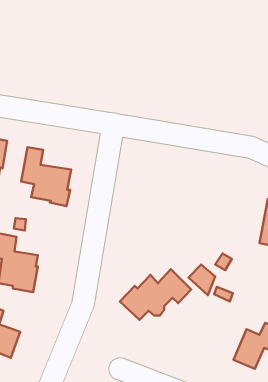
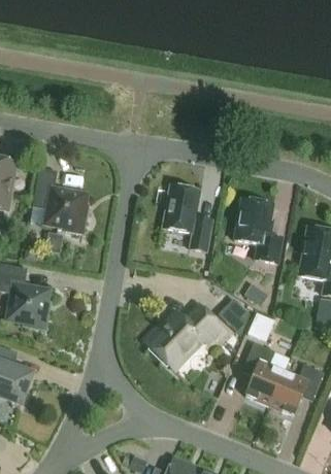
building: none -> [162,184,212,251]
building: none -> [234,198,283,264]
building: none -> [243,342,284,405]

